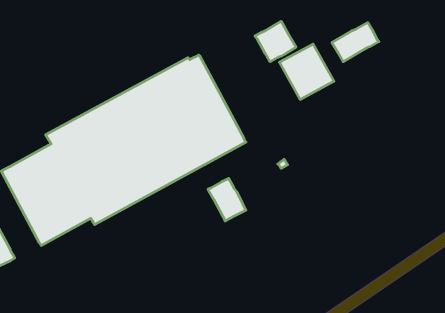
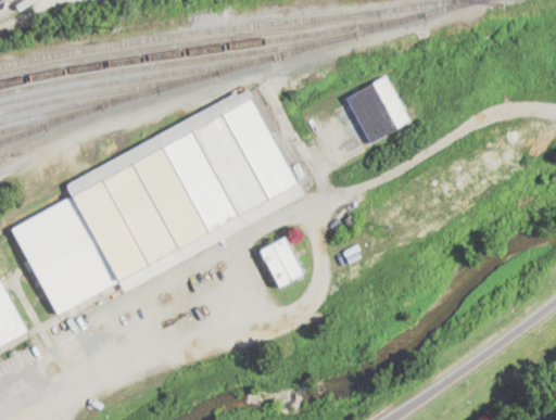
building: [255,21,296,62] -> none
building: [332,23,379,62] -> none

